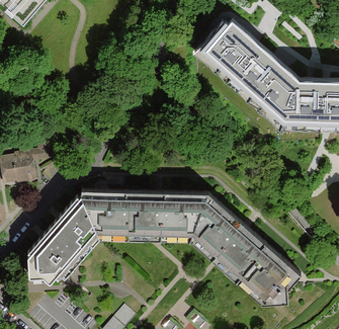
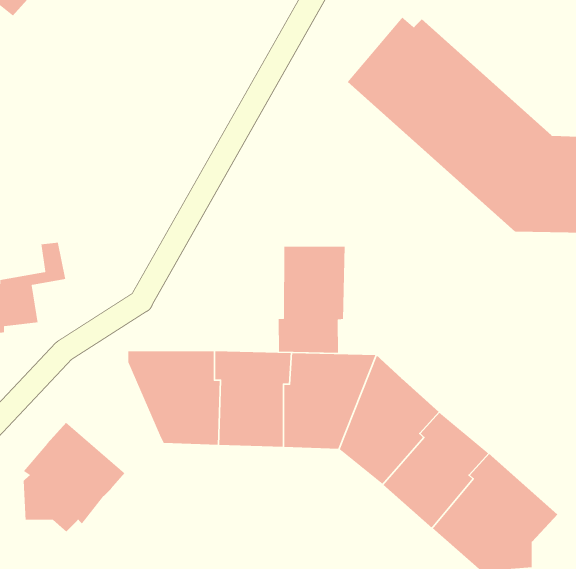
building: none -> [278,246,345,354]
building: [50,196,97,253] -> none

